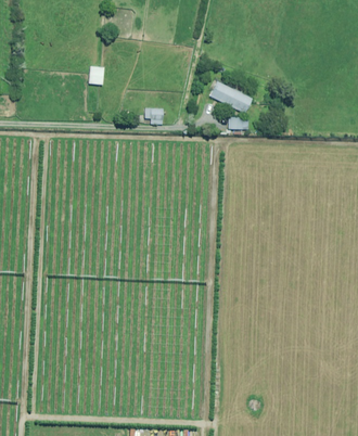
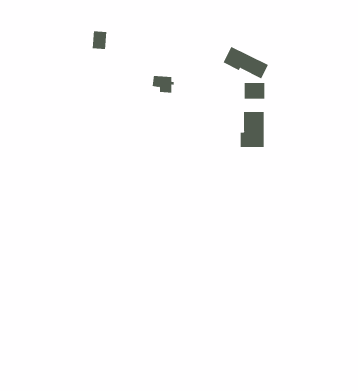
building: none -> [240,111,264,148]

